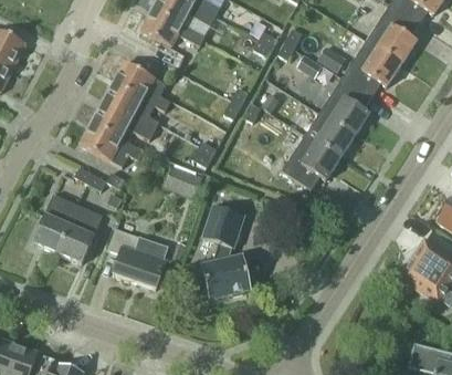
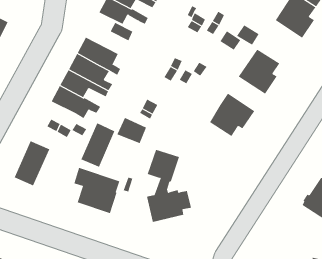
building: [343,40,401,95] -> none
building: [305,112,354,156] -> none
building: [57,205,102,262] -> [80,122,115,167]

